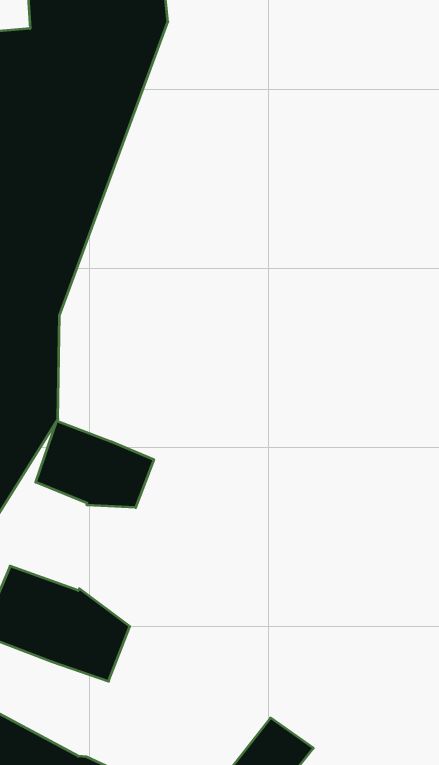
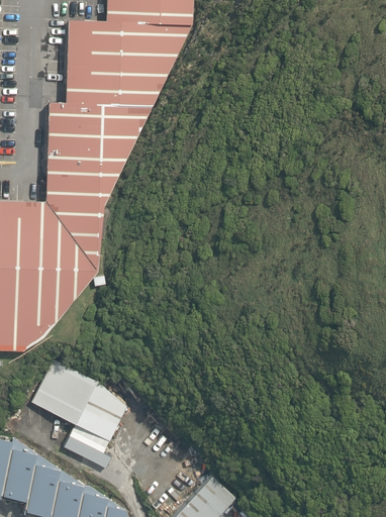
building: [36,421,154,508] -> none
building: none -> [64,424,111,469]

